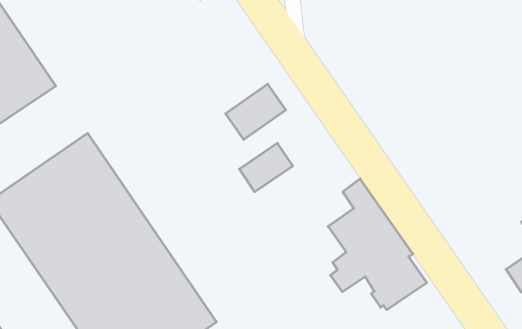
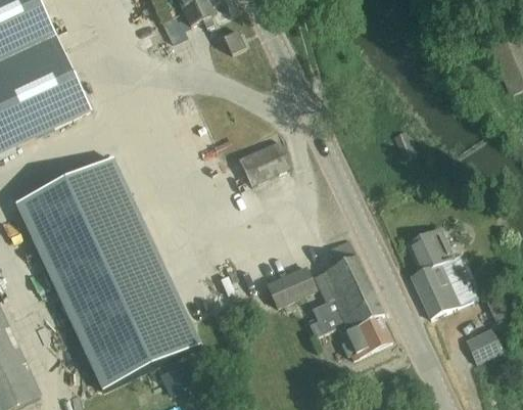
building: [239,143,293,192] -> [268,267,316,307]
building: none -> [406,227,478,318]

